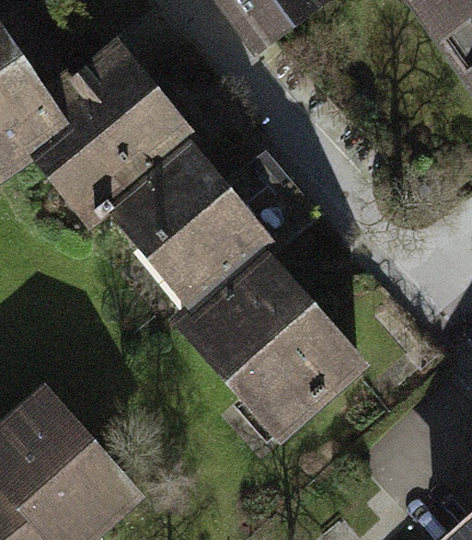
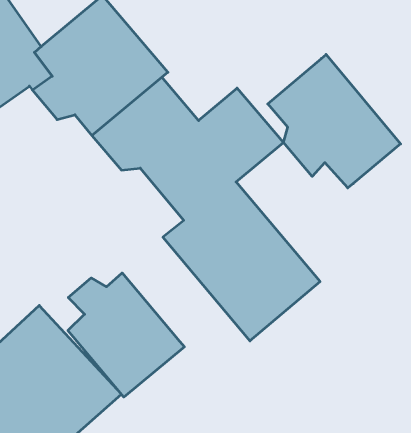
building: none -> [268,54,401,188]
building: none -> [68,273,184,397]

